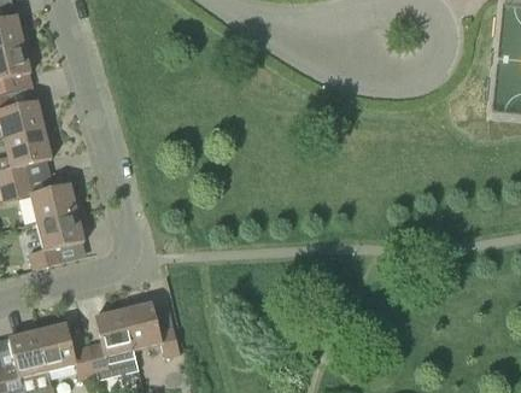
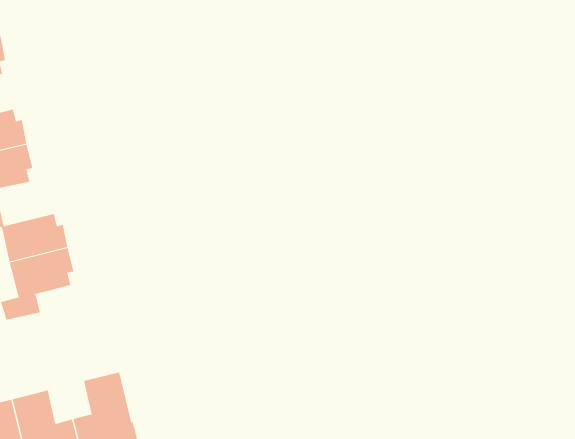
building: [122,301,177,356] -> none

